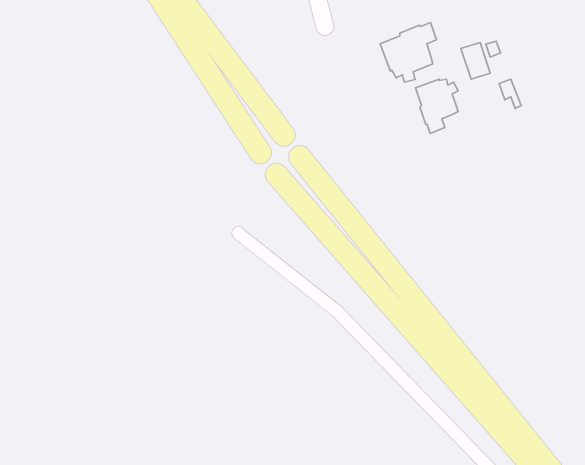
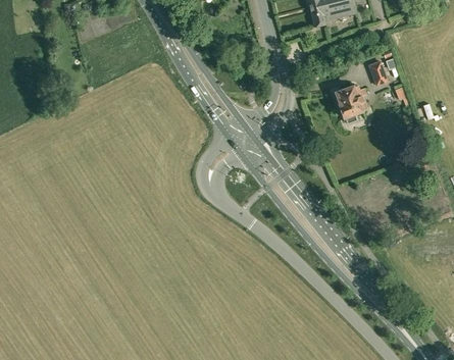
building: [380,22,437,82] -> none

